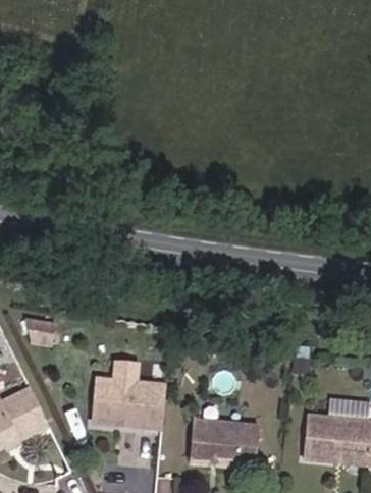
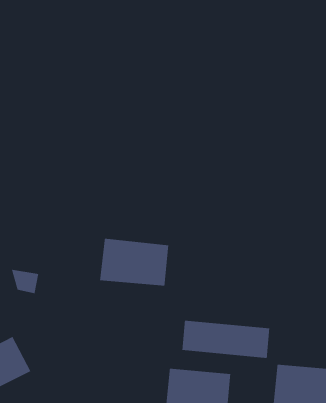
building: none -> [182,320,270,359]
building: [90,376,163,427] -> [99,238,169,287]

